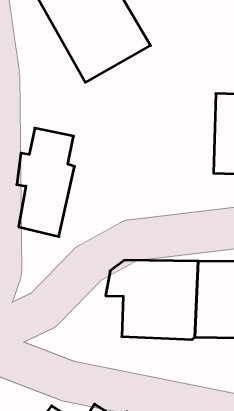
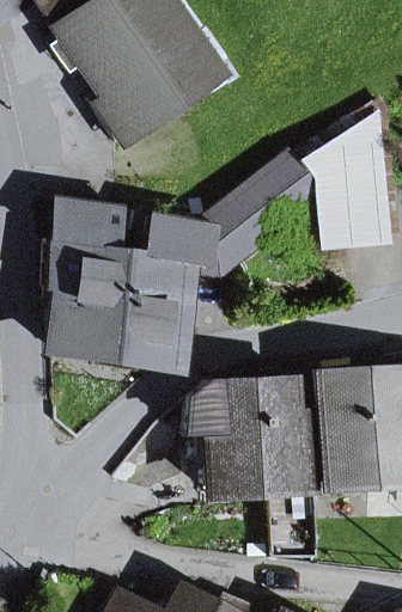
building: none -> [112,160,315,366]

